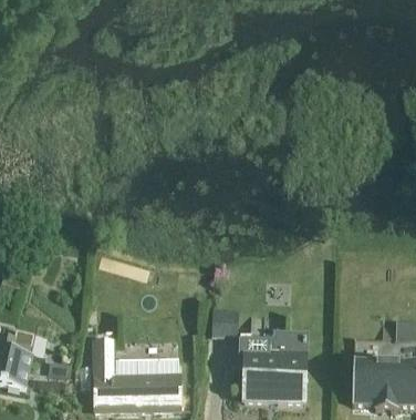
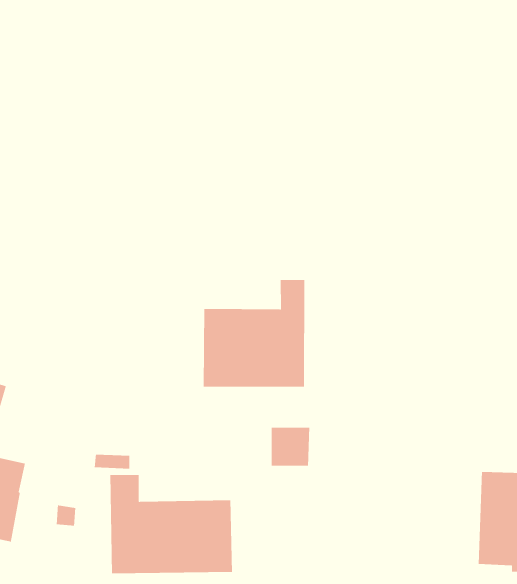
building: none -> [203,279,305,388]
building: [238,334,305,401] -> none

